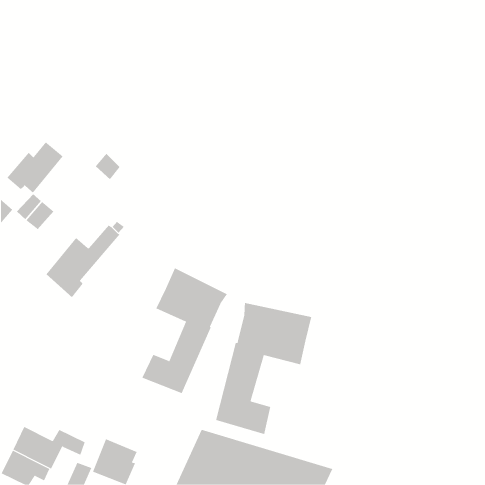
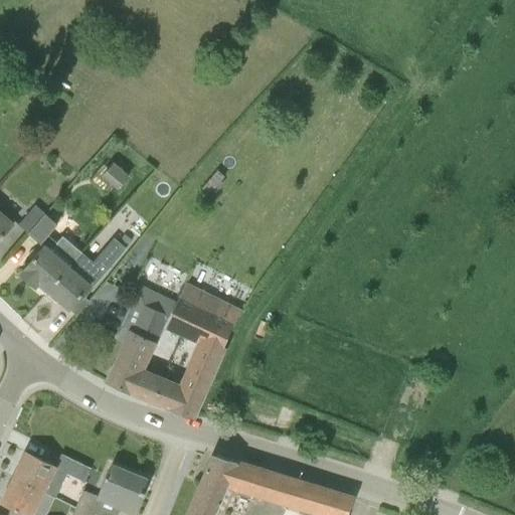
building: [7,141,64,194] -> [20,235,80,291]
building: none -> [108,289,175,400]
building: [216,302,312,435] -> none

